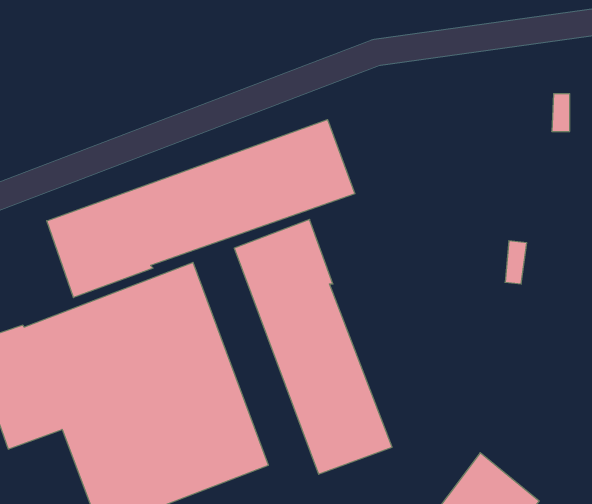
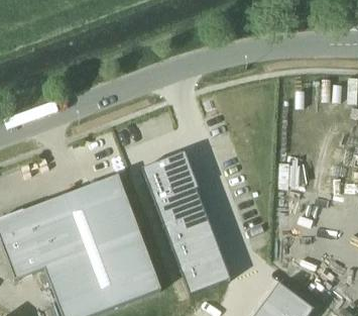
building: [47,120,355,298] -> none

